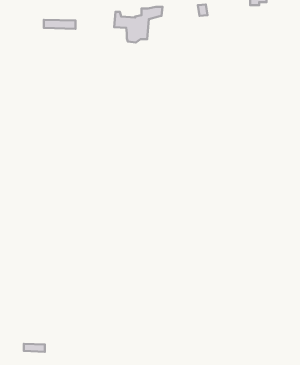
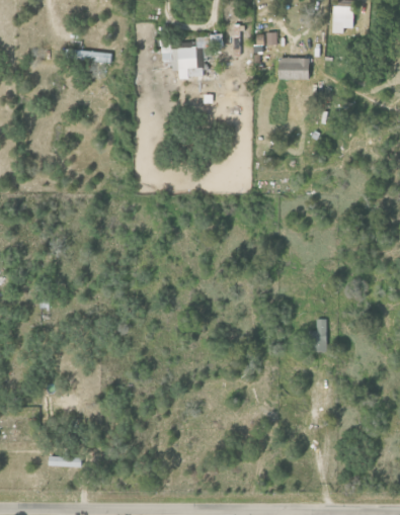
building: none -> [277,59,309,81]
building: none -> [311,320,326,352]

